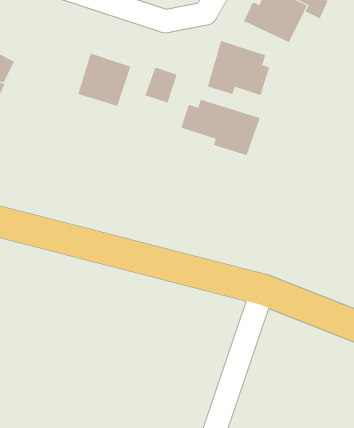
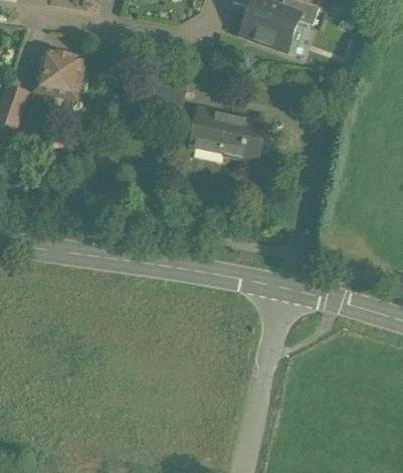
building: [207,40,270,96] -> none
building: [77,53,131,107] -> [35,49,83,97]

